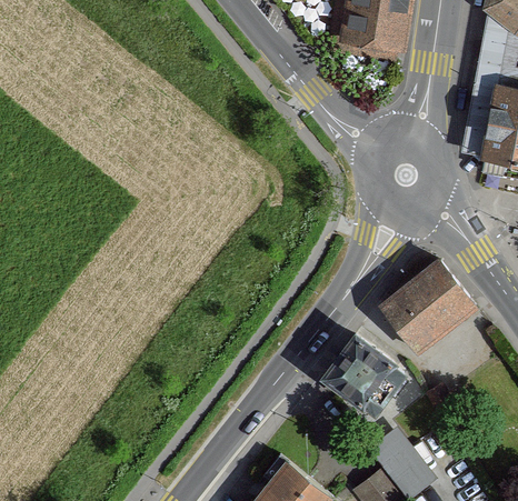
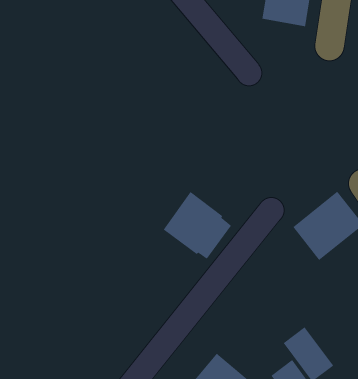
building: [319,330,406,415] -> [163,191,232,259]

